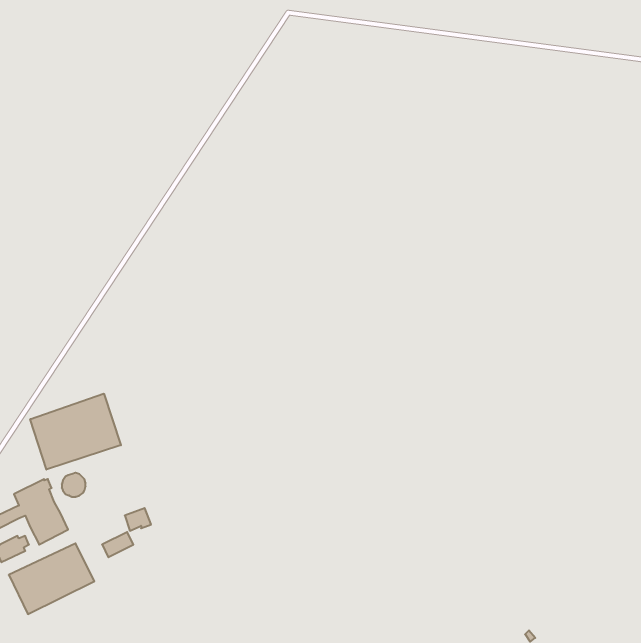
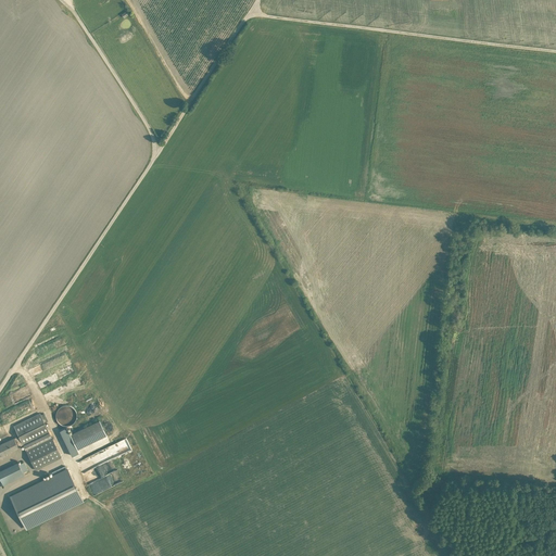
building: [30,394,121,470] -> none
building: none -> [68,420,104,450]

